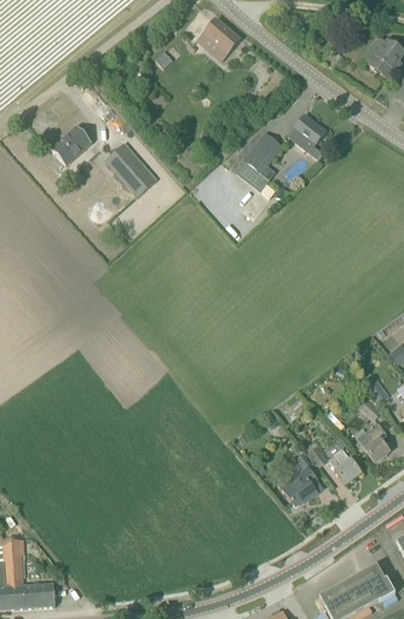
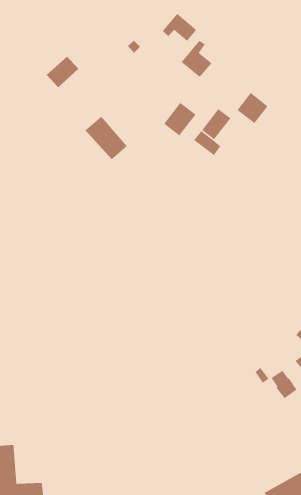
building: none -> [180,40,212,78]
building: none -> [163,102,196,136]
building: [51,125,91,163] -> [46,56,79,88]
building: [283,451,317,504] -> none

